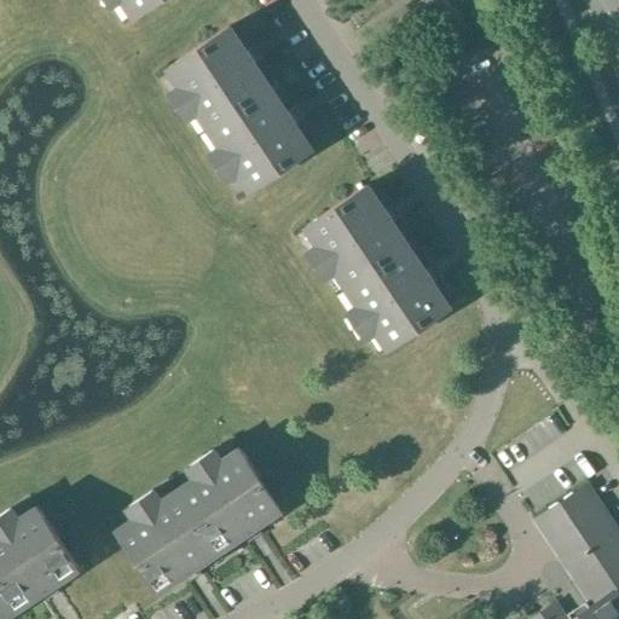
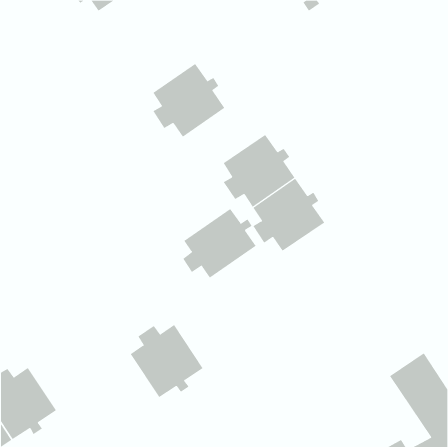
building: [169,28,270,129] -> none
building: none -> [182,208,256,279]
building: [117,490,219,591] -> none

